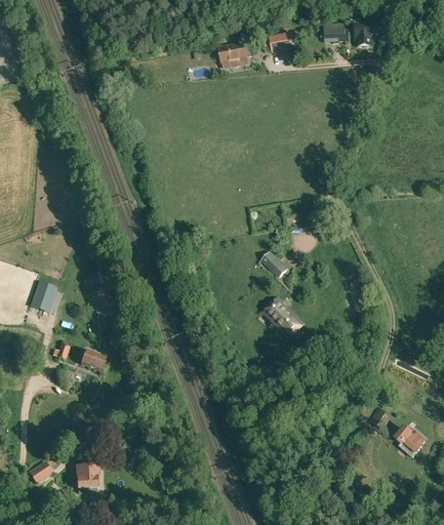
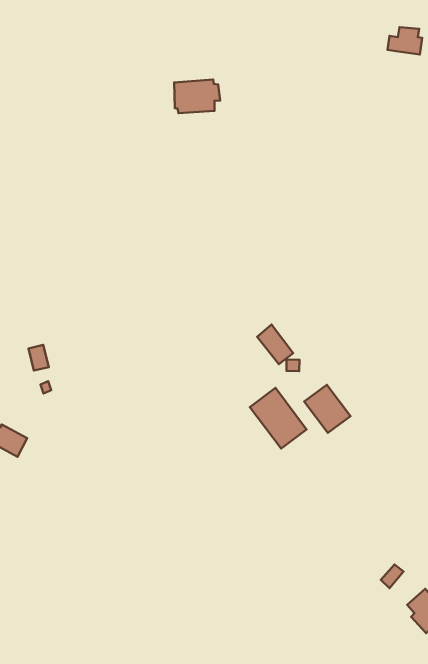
building: [270,32,296,52] -> none
building: [217,40,252,68] -> [174,79,220,113]
building: none -> [304,385,350,433]

